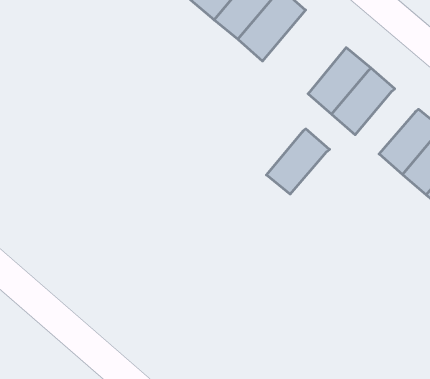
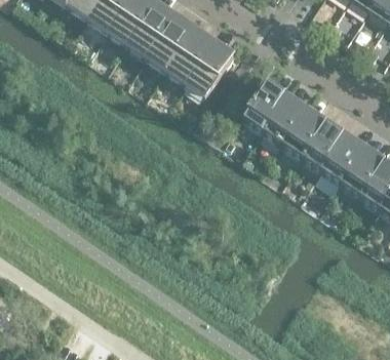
building: [266,129,330,194] -> [281,105,326,155]

